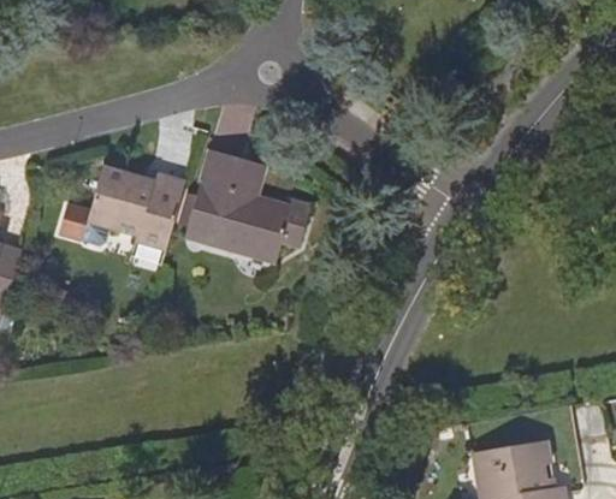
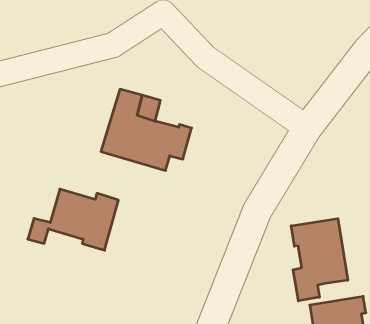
building: [58,166,184,251] -> [28,189,118,250]
building: none -> [291,219,348,301]

